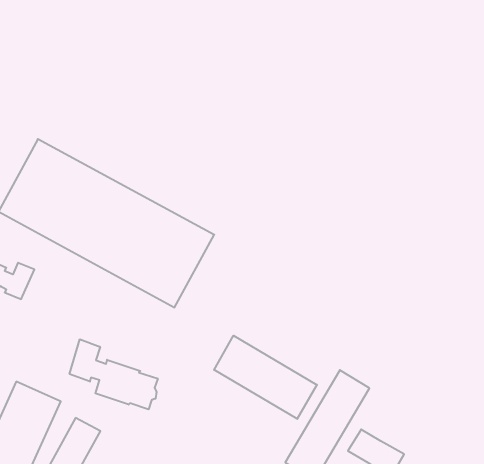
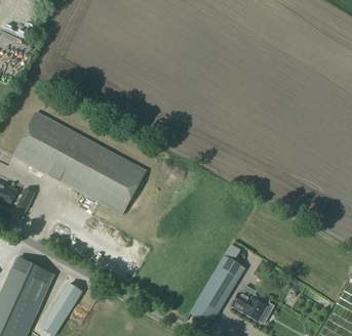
building: [214,336,317,419] -> none
building: [70,339,158,409] -> none

